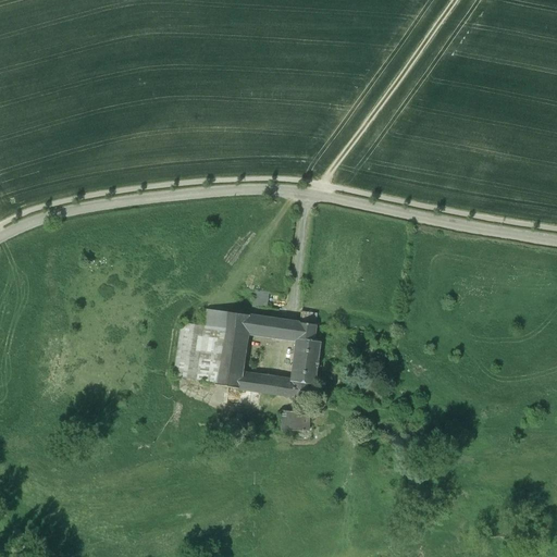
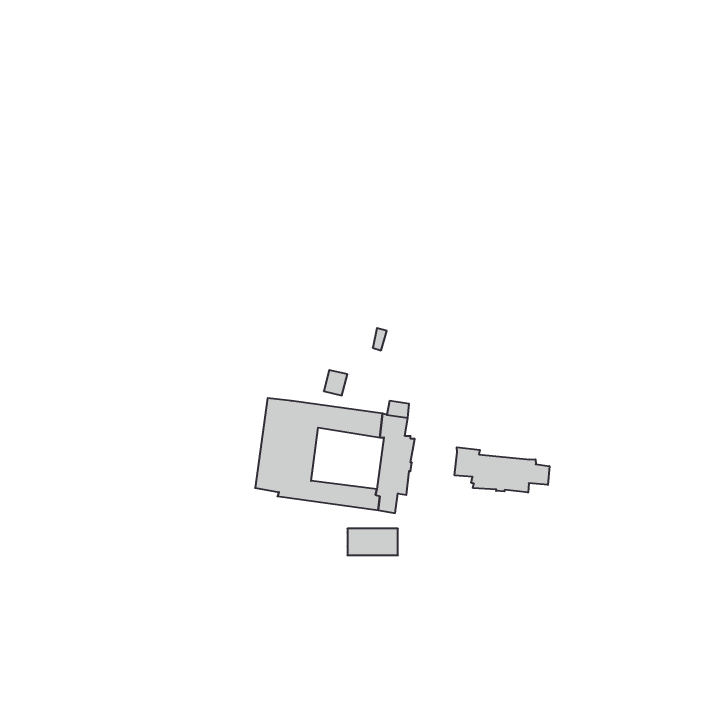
building: none -> [455,447,549,493]

